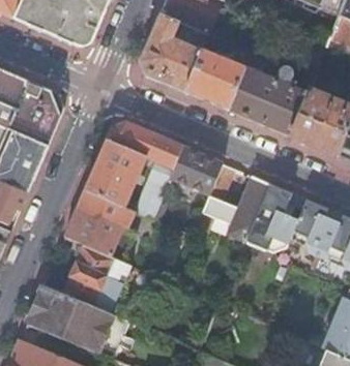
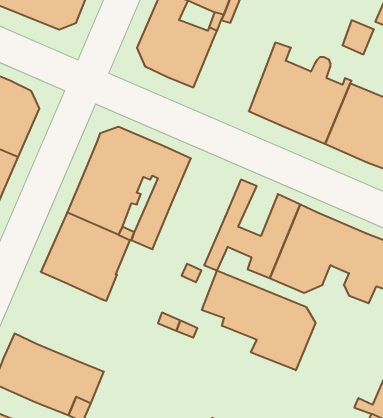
building: [185,48,251,110] -> none
building: [168,147,223,192] -> none
building: none -> [202,270,315,370]
building: [62,244,132,312] -> none

